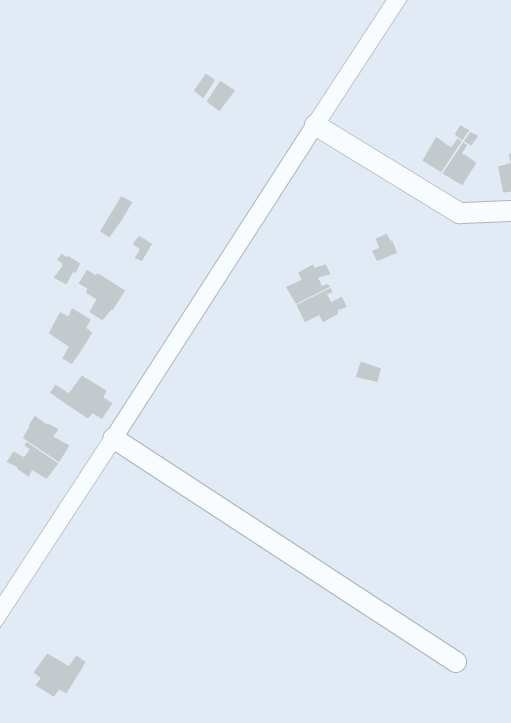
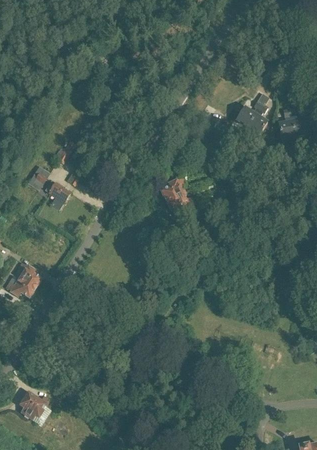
building: [48,307,93,365] -> none
building: [49,375,114,420] -> none

